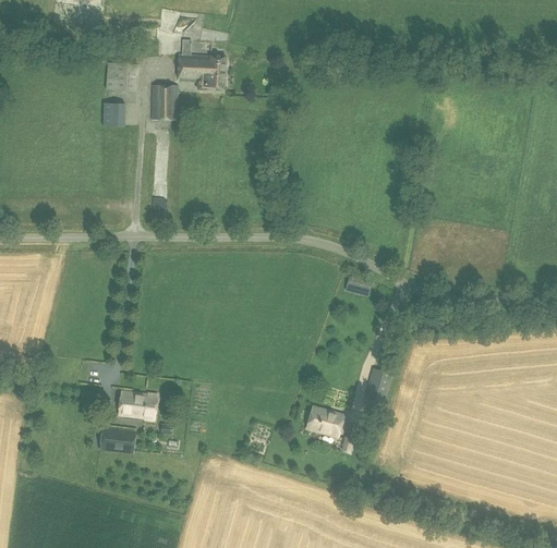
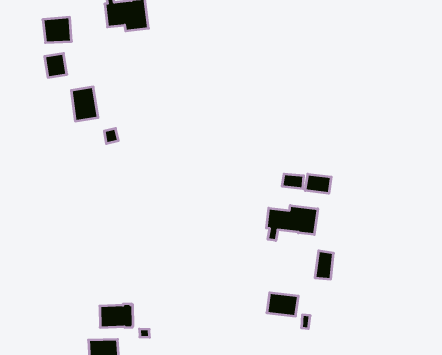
building: [150,84,177,119] -> [71,87,98,121]
building: none -> [305,174,331,193]
building: none -> [266,205,318,241]

